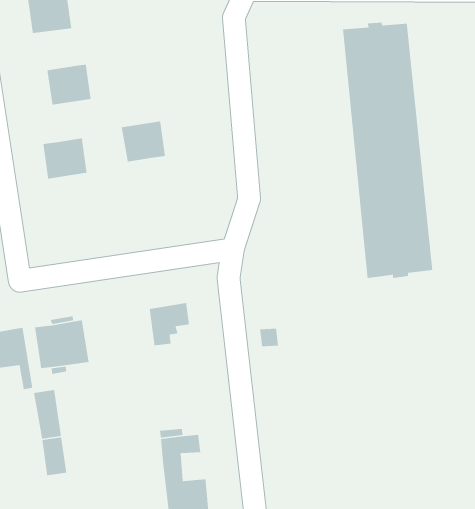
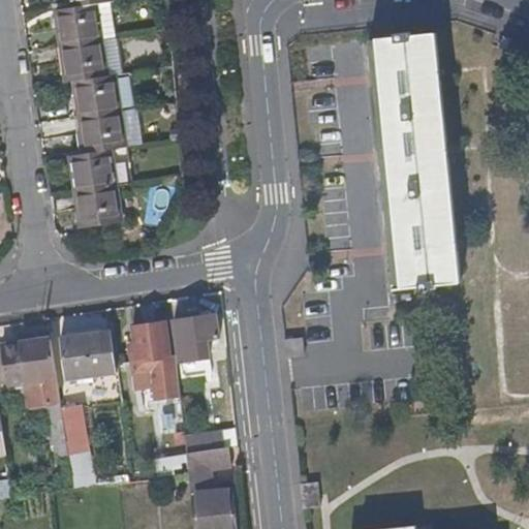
building: none -> [58,38,104,81]
building: [121,121,166,163] -> [77,110,123,152]
building: none -> [73,184,120,227]
building: none -> [131,321,181,400]

